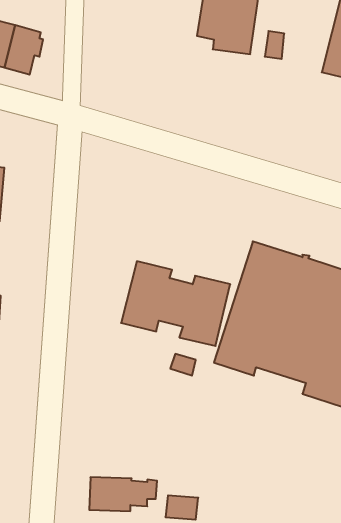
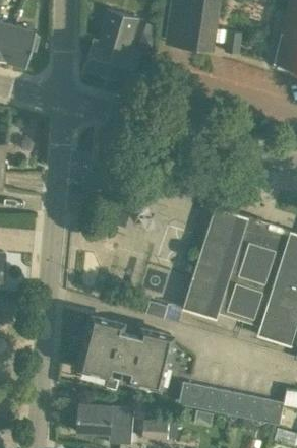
building: none -> [85,14,138,82]
building: [121,261,230,346] -> [80,317,172,388]
building: none -> [179,383,284,426]

